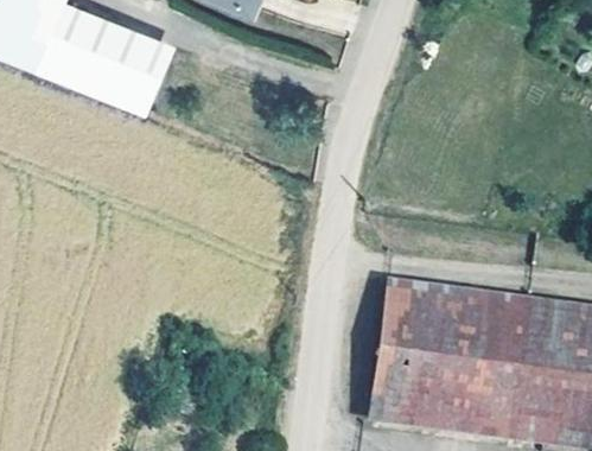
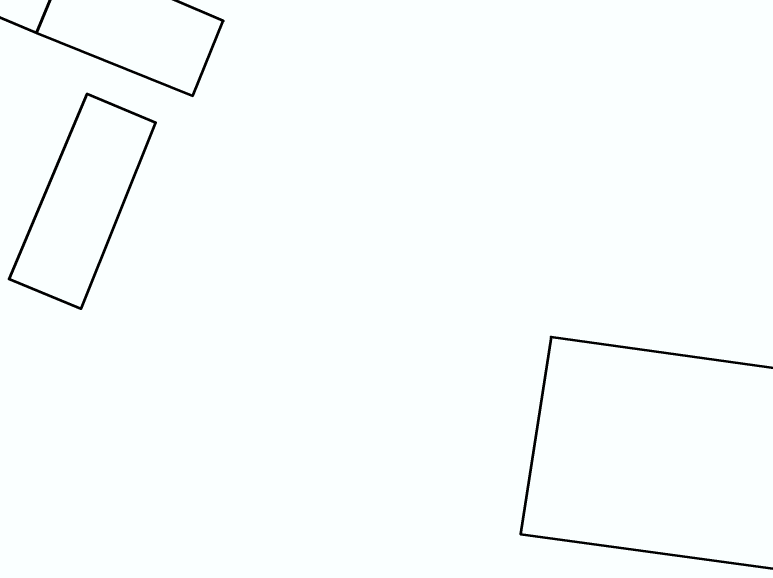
building: none -> [9,94,156,309]

